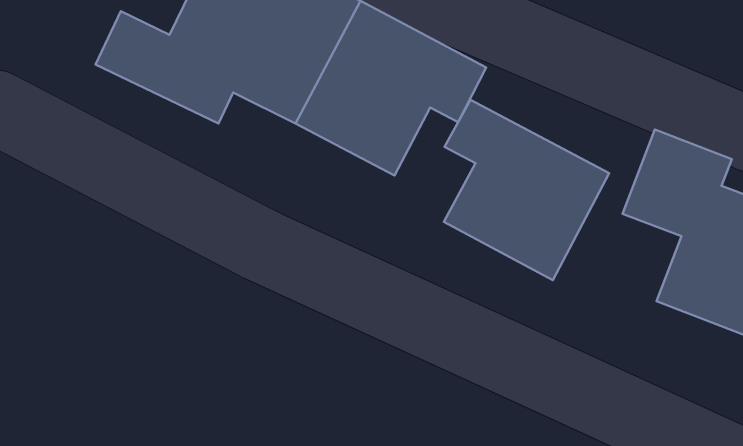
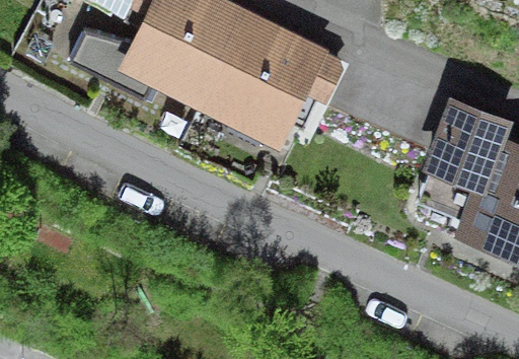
building: [444,100,609,280] -> none

